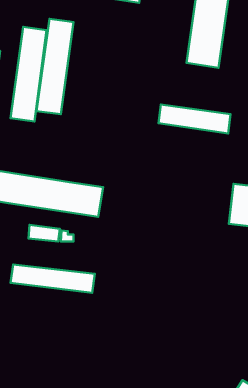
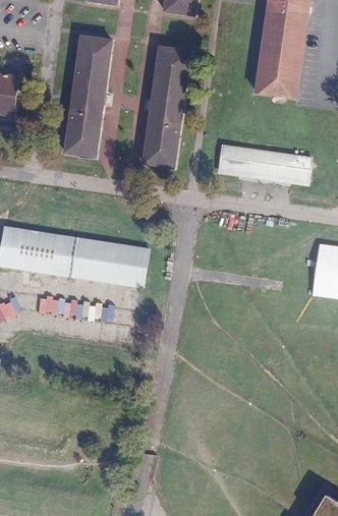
building: [10,27,46,121] -> [139,48,185,168]
building: [11,264,95,293] -> none

